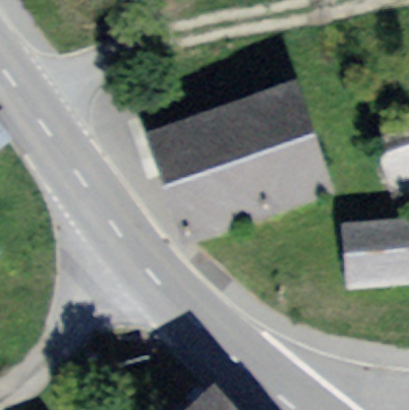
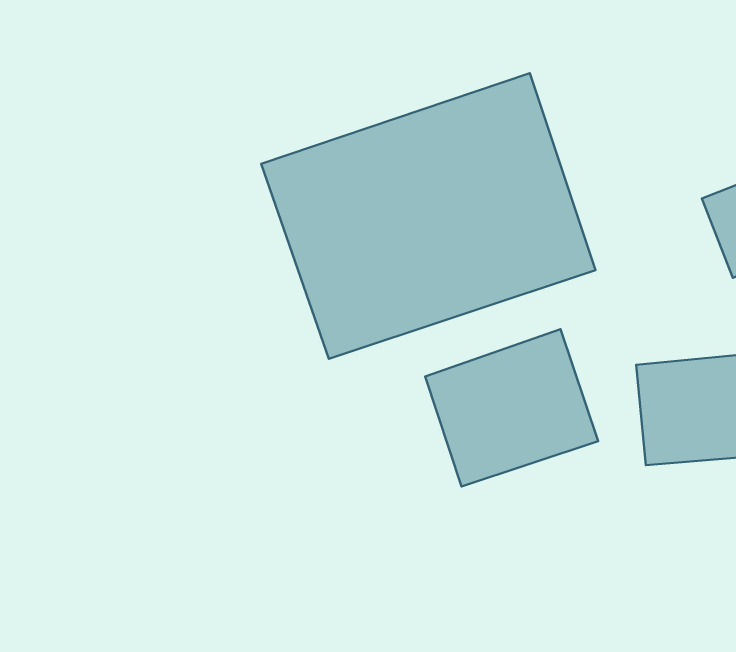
building: none -> [425,329,598,487]

